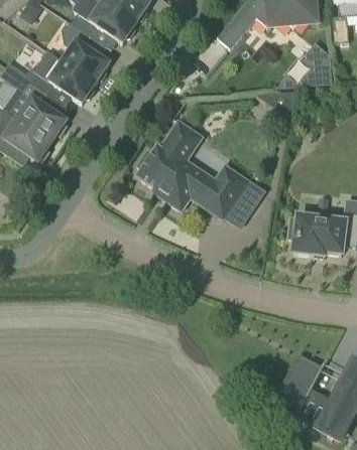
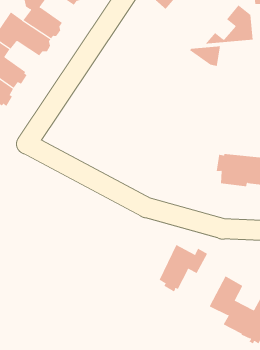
building: [137,120,263,217] -> none
building: none -> [159,244,208,292]

